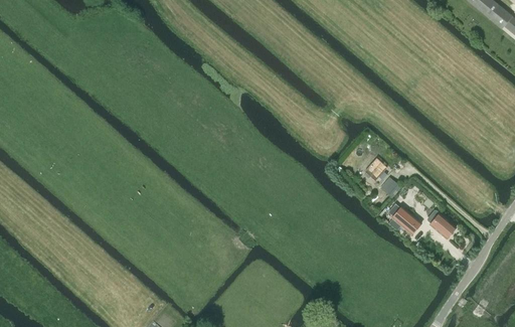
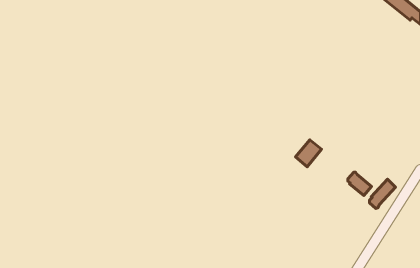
building: [391,206,421,235] -> none
building: none -> [369,179,396,208]

